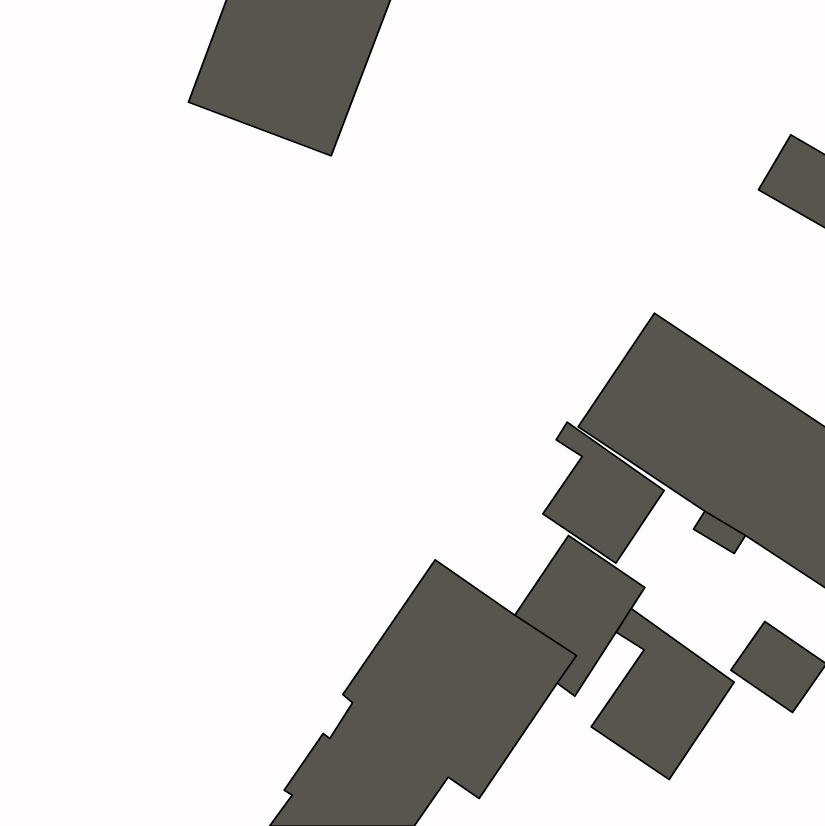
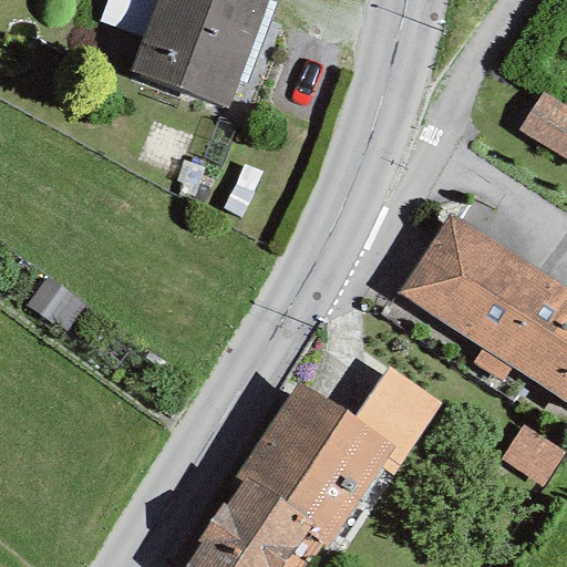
building: [543,422,664,563] -> none
building: [591,609,734,779] -> none

